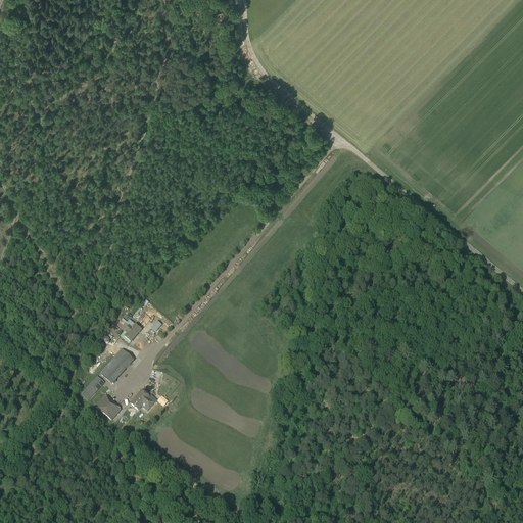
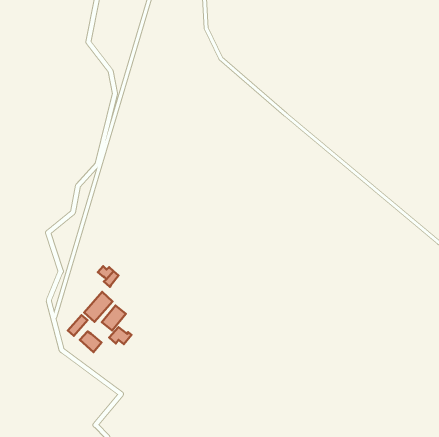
building: none -> [102,306,126,330]

